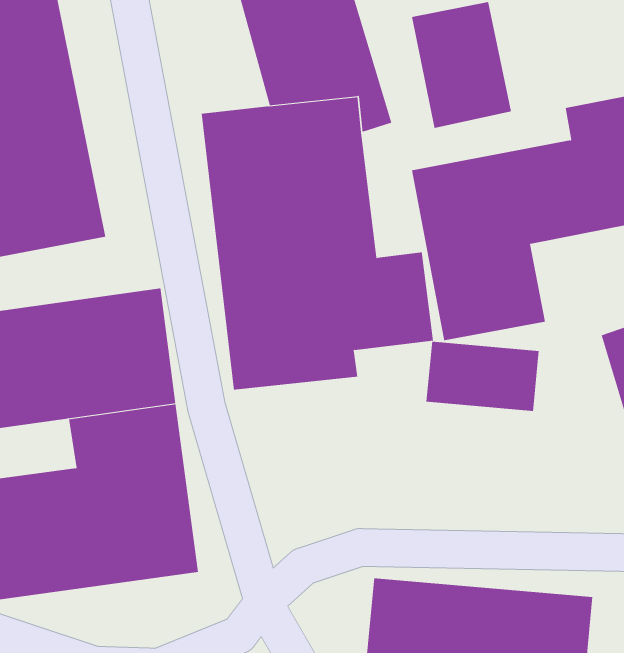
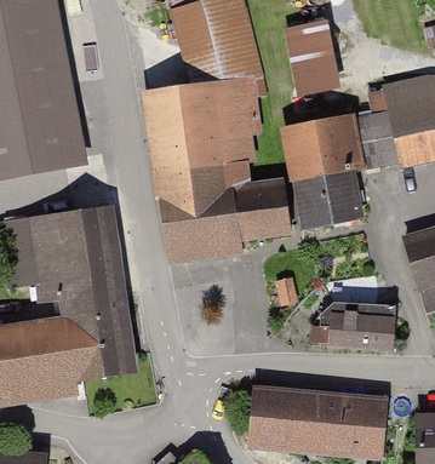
building: [426,341,539,411] -> [328,310,401,355]

